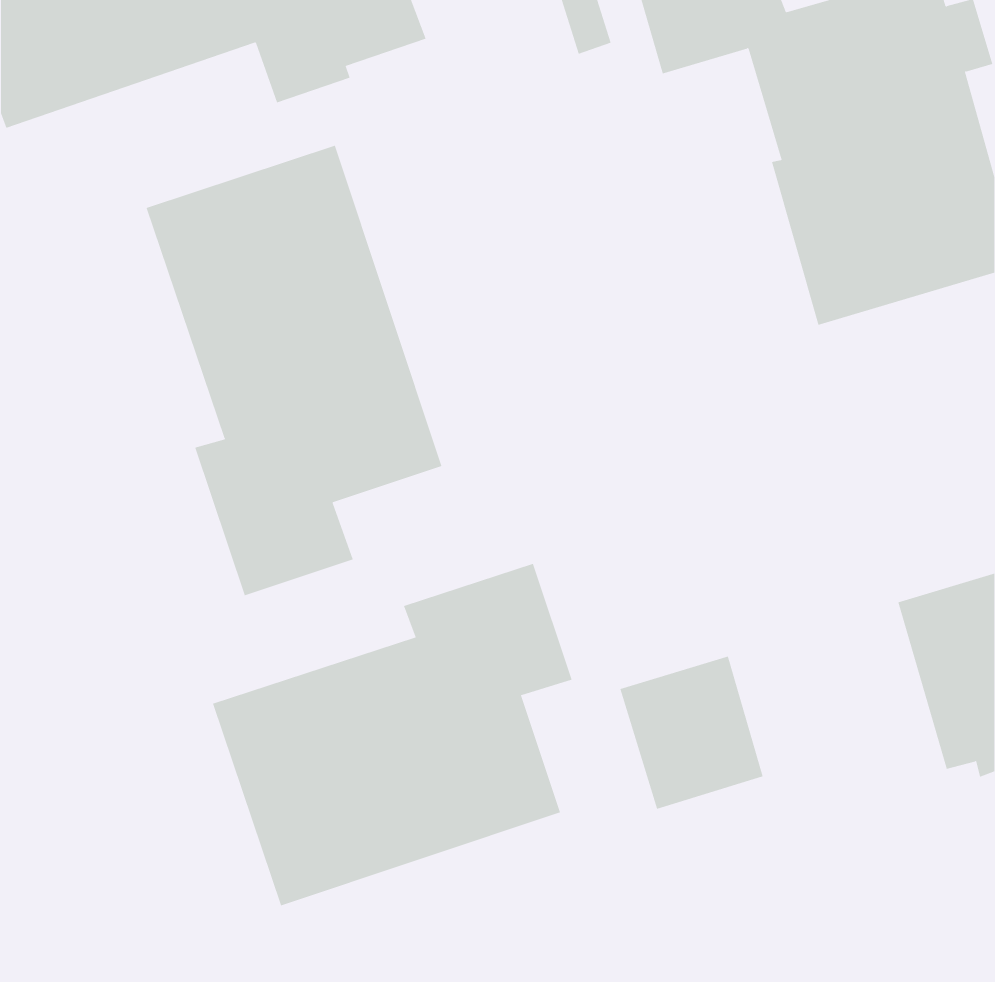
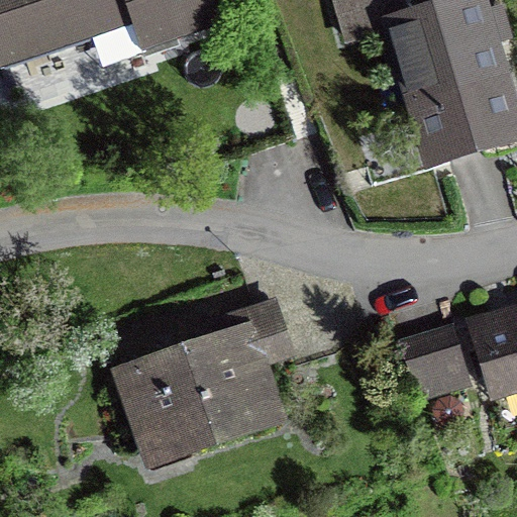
building: [146,145,442,596] -> none
building: [619,656,763,810] -> [398,318,473,398]

